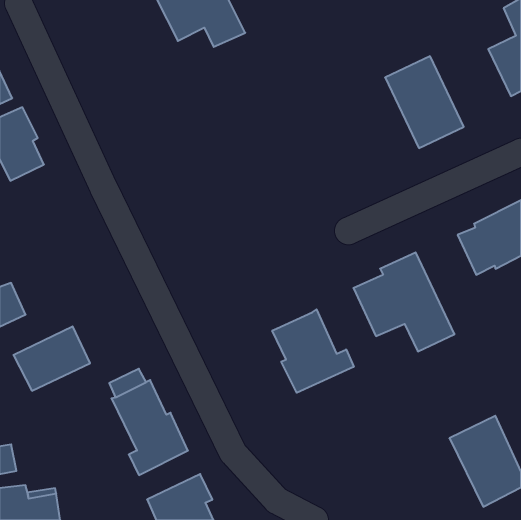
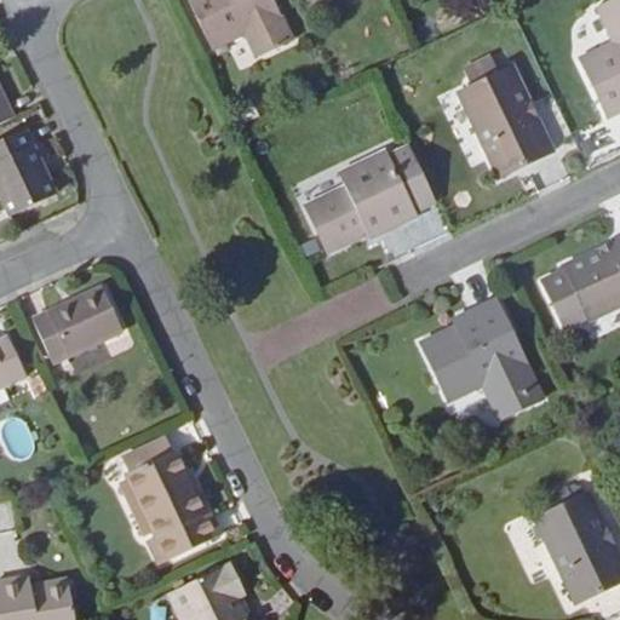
building: none -> [304,144,434,252]
building: [272,309,354,393] -> none
building: [13,326,90,391] -> [35,285,126,361]

